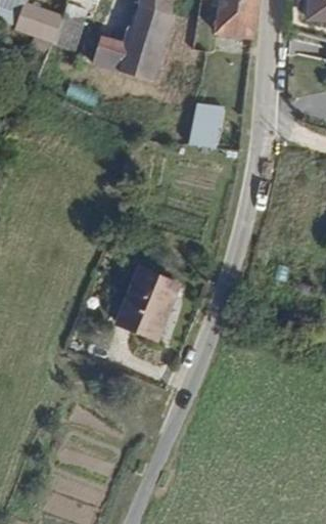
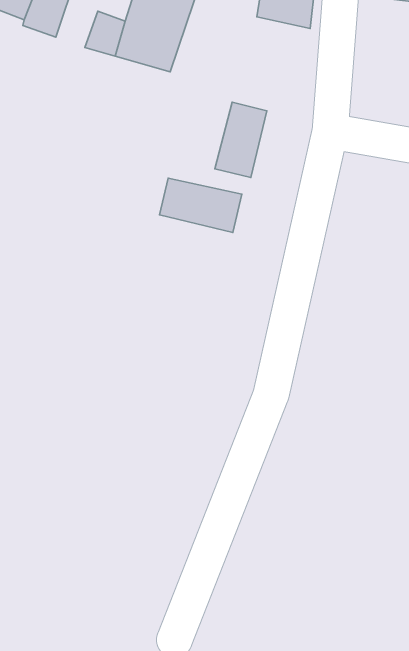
building: none -> [160,178,242,232]
building: [125,267,184,338] -> none

